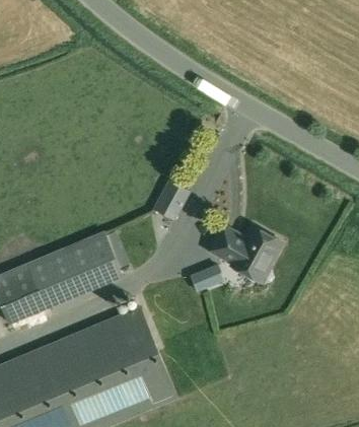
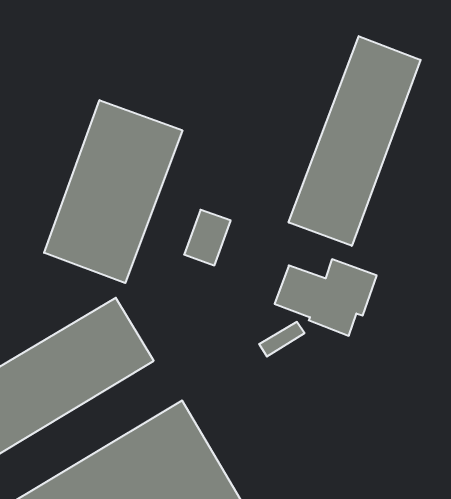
building: none -> [289,36,421,246]
building: none -> [44,100,182,283]

